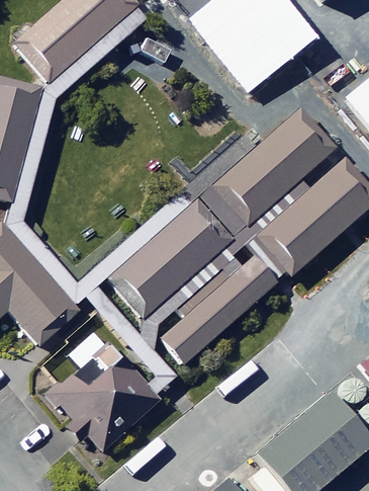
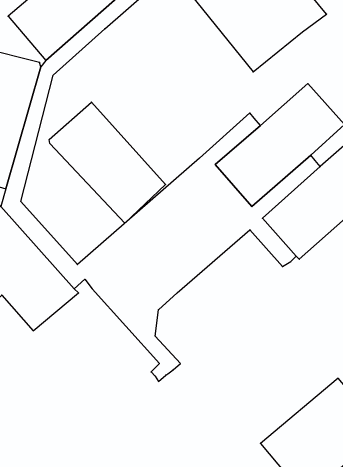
building: none -> [49,102,166,223]
building: [160,247,277,364] -> none
building: [42,334,164,451] -> none

